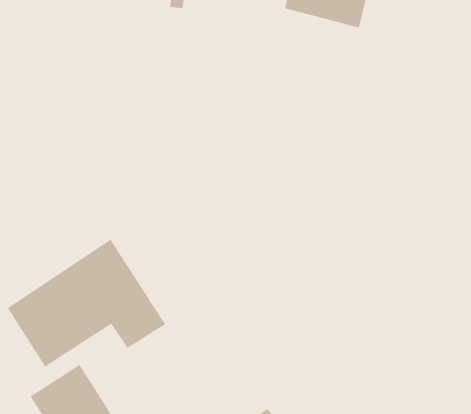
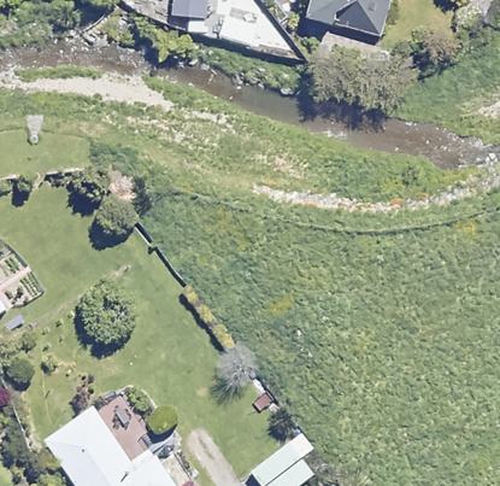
building: [7,239,166,367] -> none

